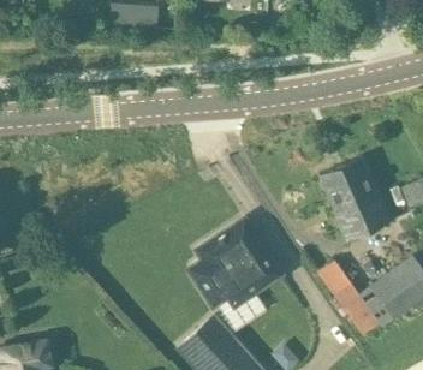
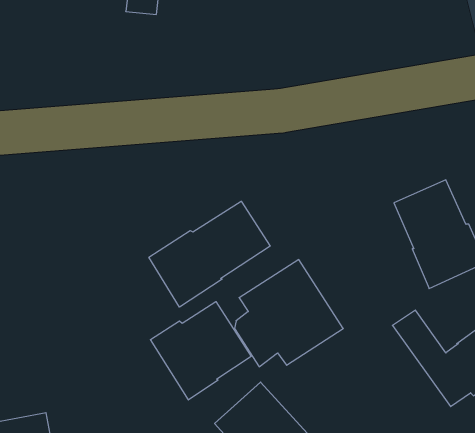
building: none -> [149,201,270,307]
building: none -> [150,302,251,400]

